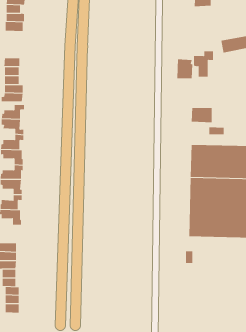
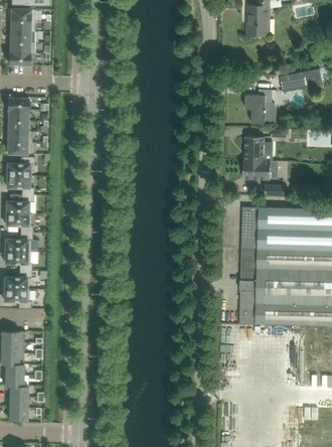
building: [176,59,193,79] -> [243,135,266,160]

